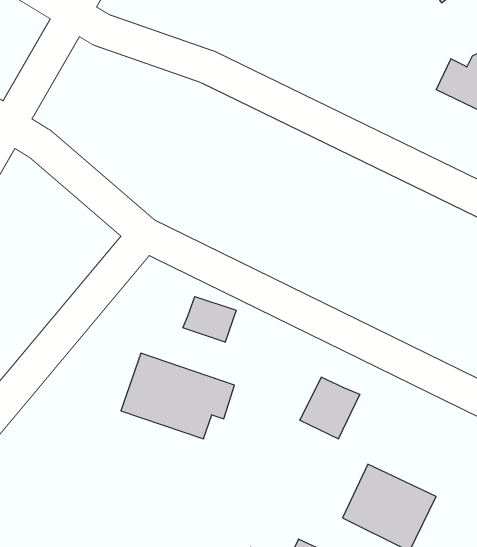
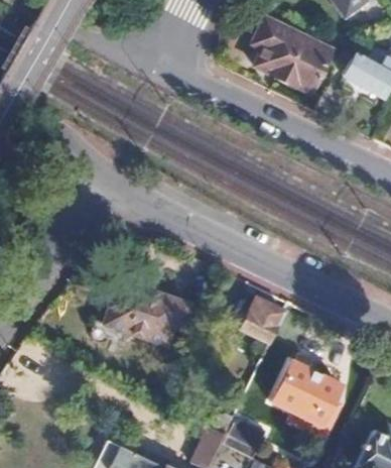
building: none -> [253,17,330,91]
building: [183,297,236,342] -> none

